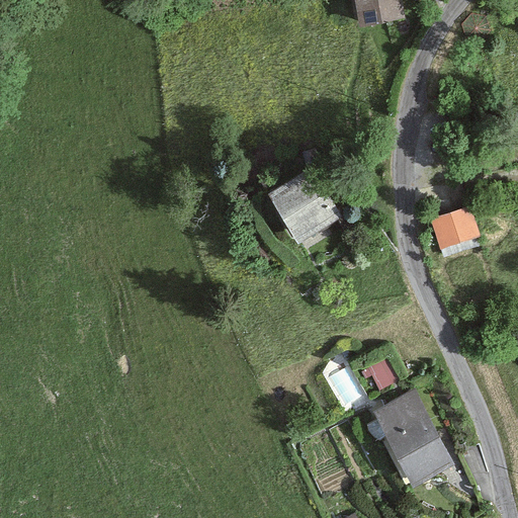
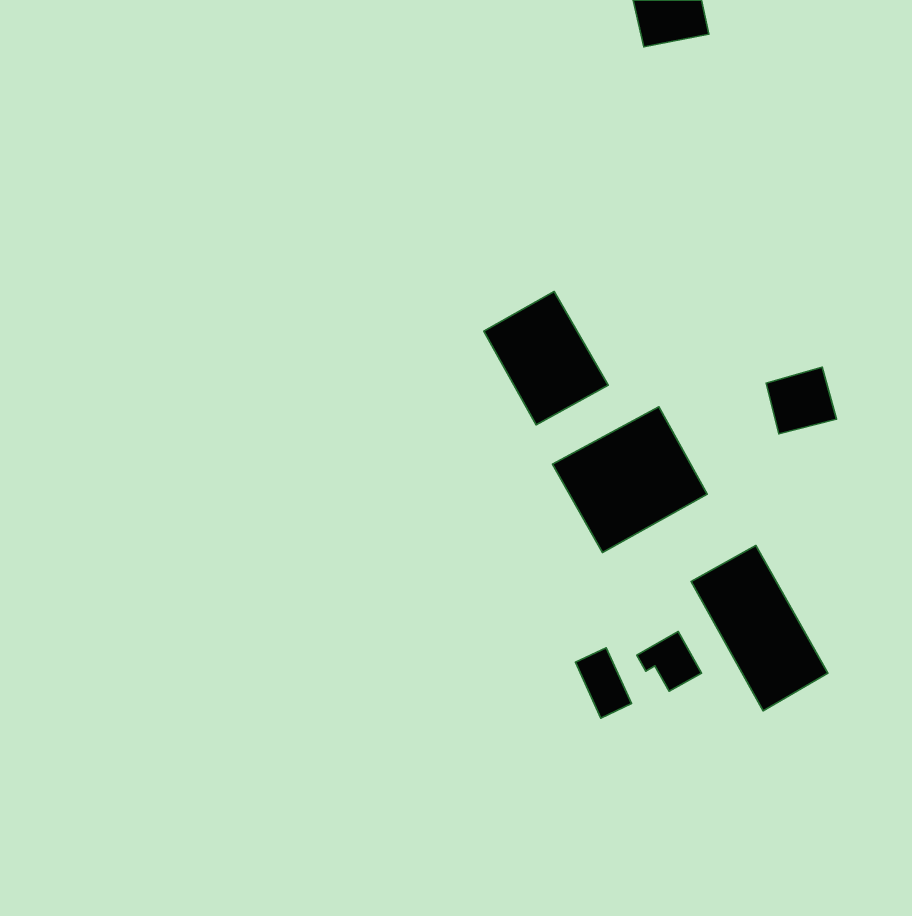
building: none -> [553,407,707,553]
building: [376,393,453,486] -> [691,545,828,711]

